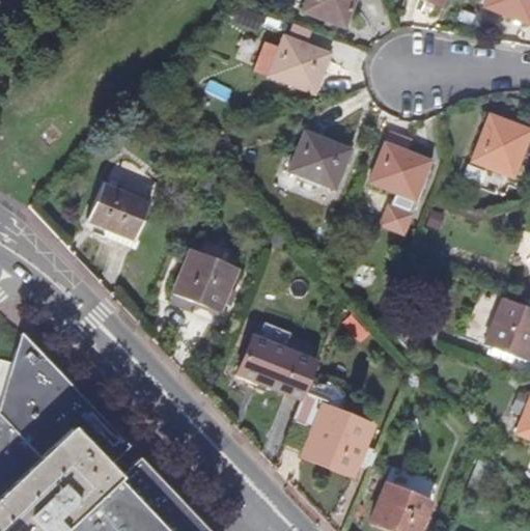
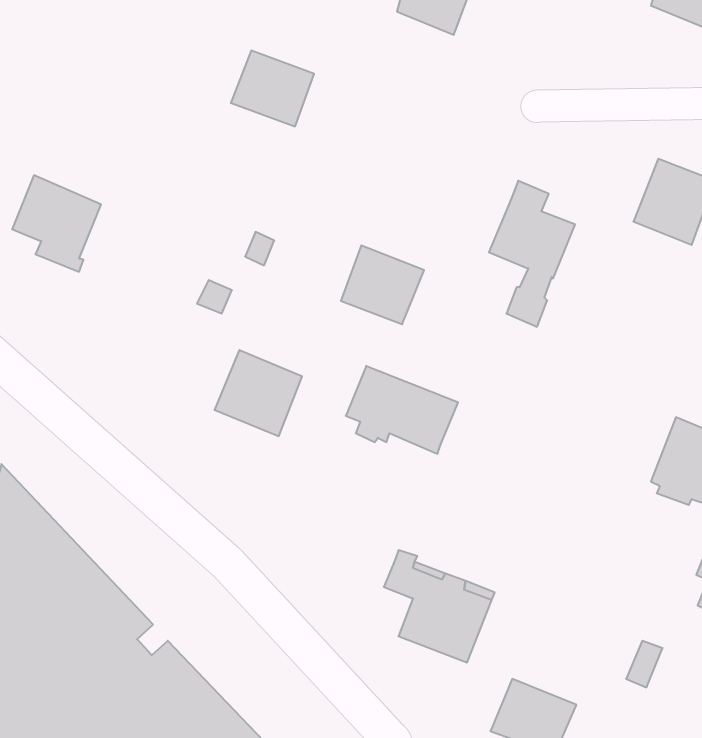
building: [270,38,329,92] -> [231,50,314,126]
building: [290,133,350,189] -> [341,245,424,324]
building: [87,183,150,251] -> [12,175,101,272]
building: [238,337,317,399] -> [346,366,458,454]

